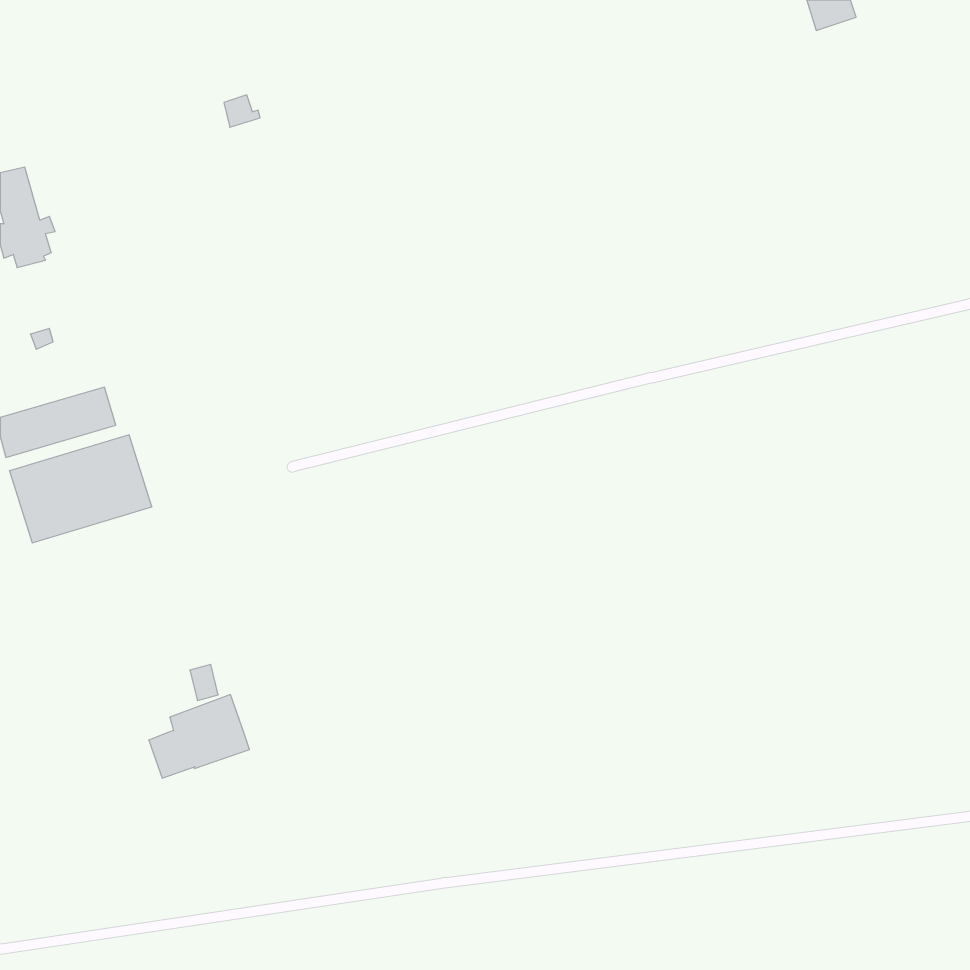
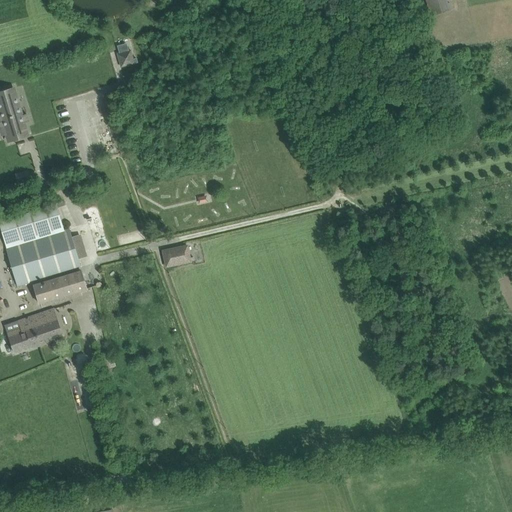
building: none -> [162,244,190,265]
building: none -> [33,271,86,303]
building: [149,695,249,778] -> [7,309,60,353]

